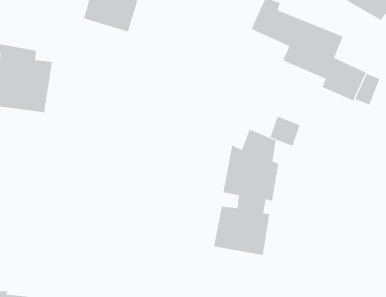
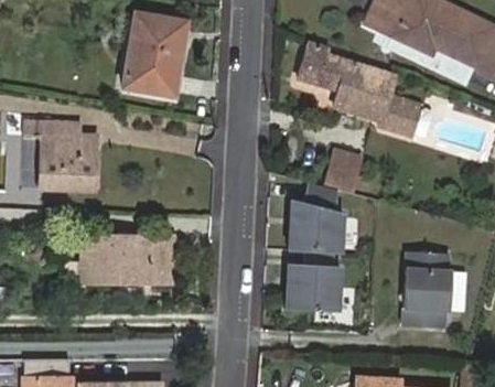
building: none -> [62,238,172,282]
building: none -> [402,250,449,327]

